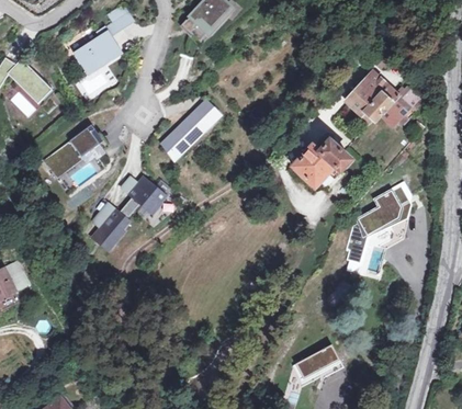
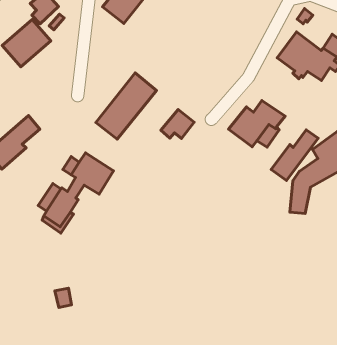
building: none -> [161,109,194,139]
building: none -> [271,130,318,181]
building: [295,345,343,383] -> none

